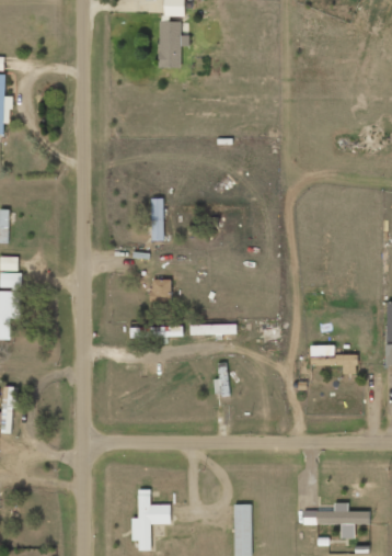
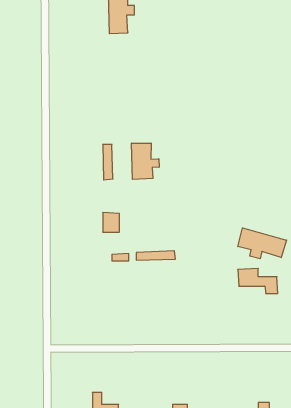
building: none -> [132,143,159,179]
building: none -> [238,228,287,259]

